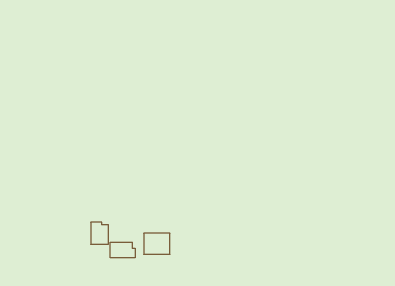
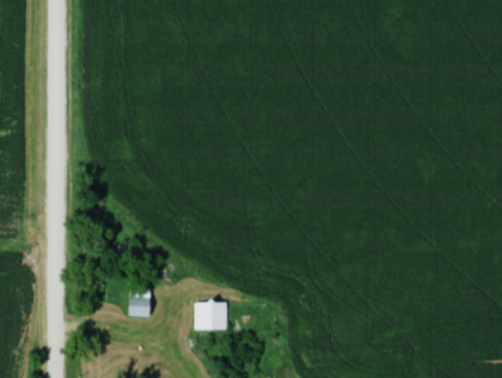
building: [110,242,135,258] -> none

